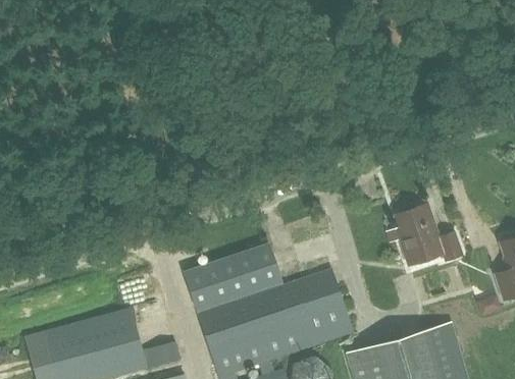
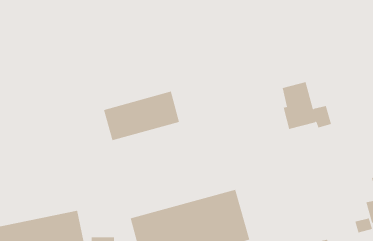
building: [397,204,463,266] -> [282,82,332,129]
building: [184,242,281,311] -> [103,91,180,141]

